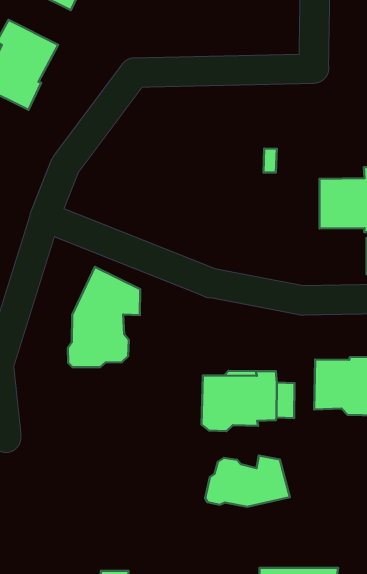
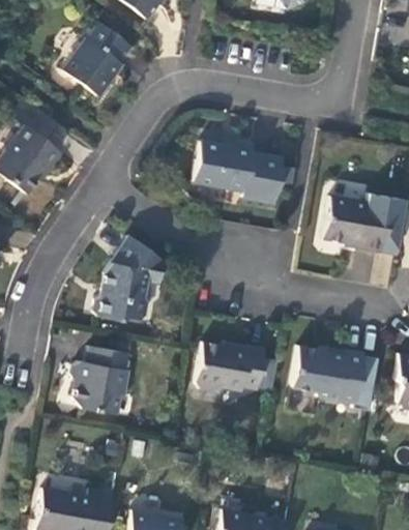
building: none -> [194,140,284,202]
building: none -> [72,345,130,413]
building: [205,456,290,507] -> none

